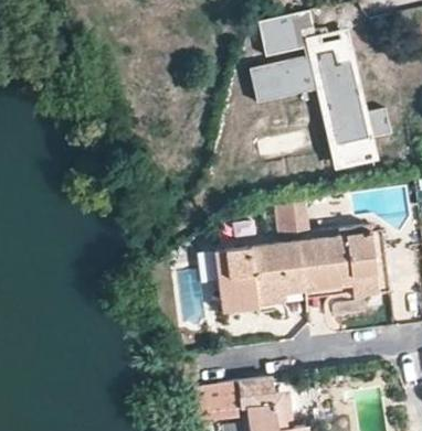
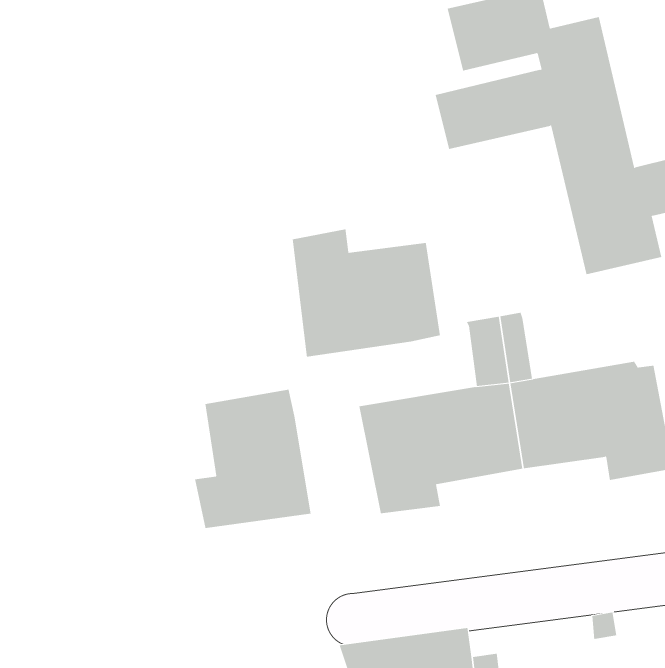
building: none -> [292,229,440,357]
building: none -> [195,389,311,529]

